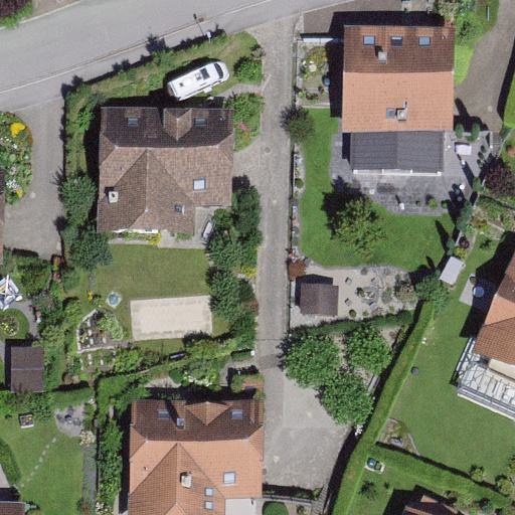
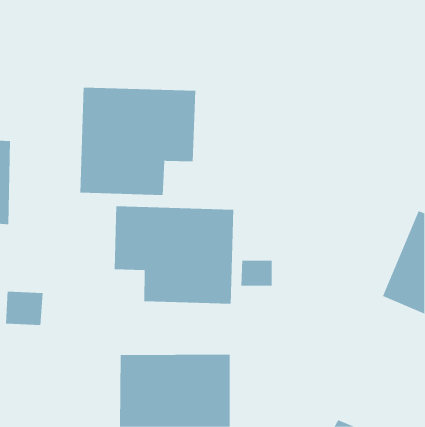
building: [339,29,453,170] -> none
building: none -> [114,205,234,304]

